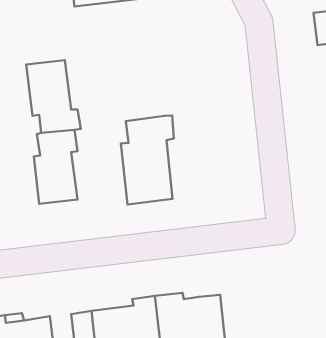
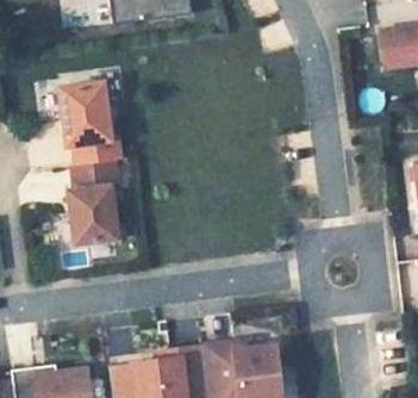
building: [121,115,174,205] -> none

